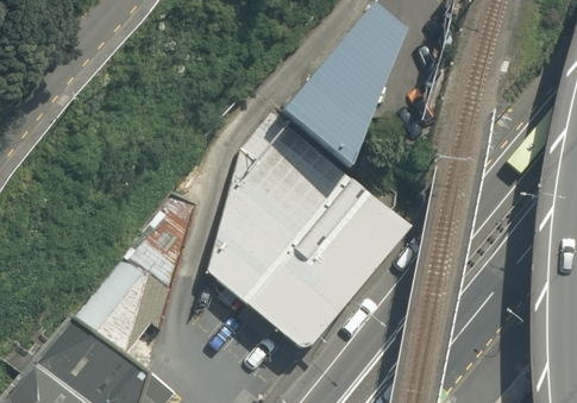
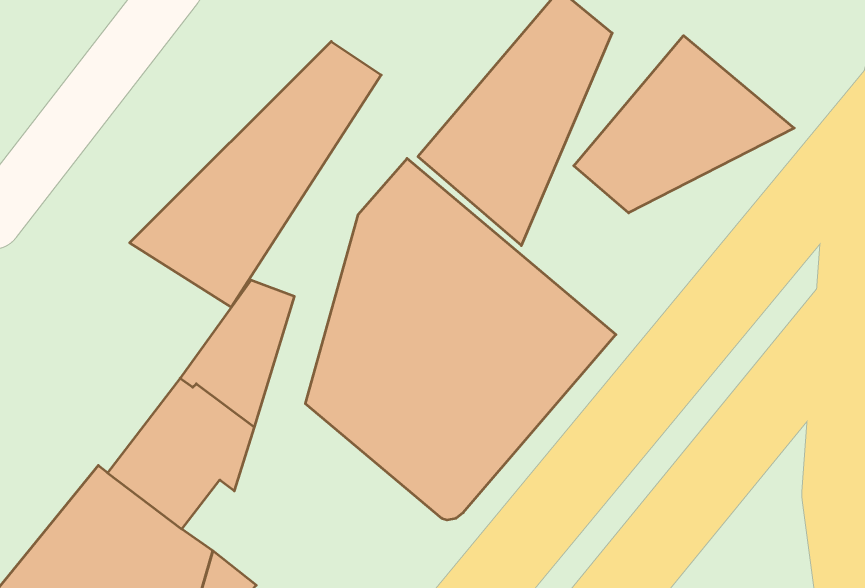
building: none -> [574,36,794,213]
building: none -> [130,41,381,307]

